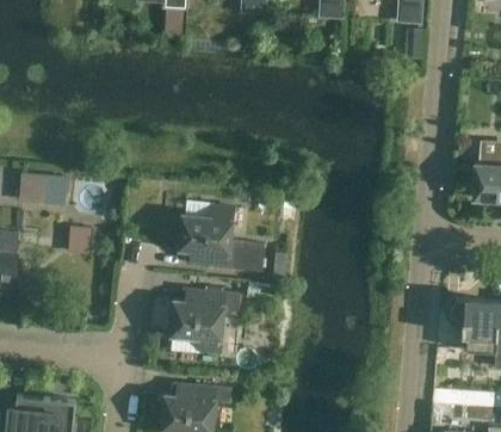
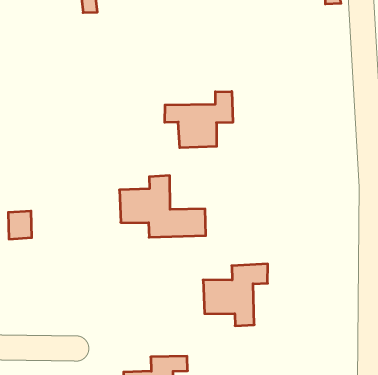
building: none -> [165,91,233,148]
building: [172,289,240,350] -> [203,264,268,326]

